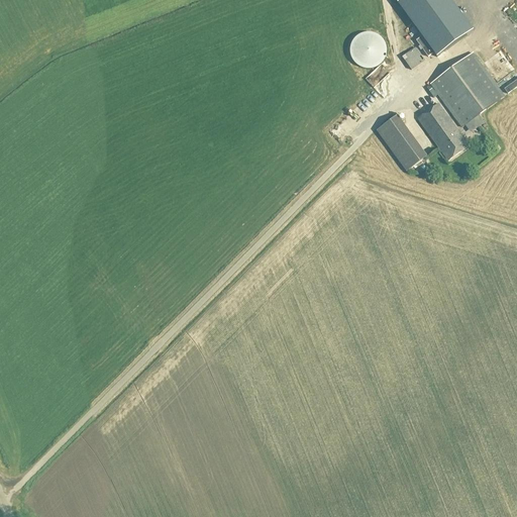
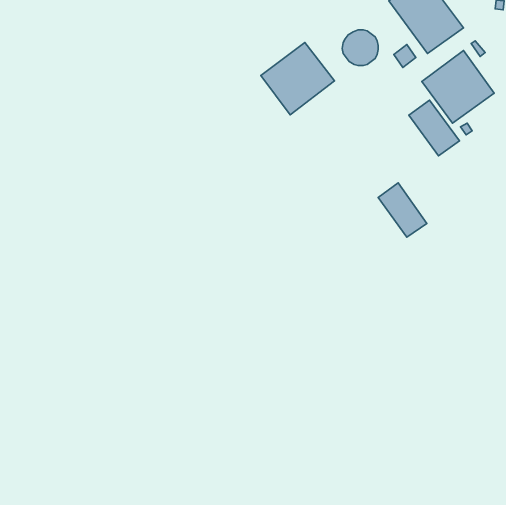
building: none -> [261,43,335,115]
building: [376,114,425,170] -> [378,183,427,237]

